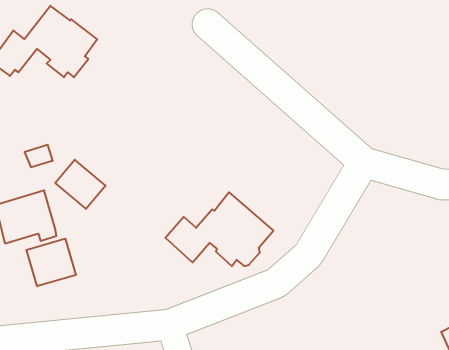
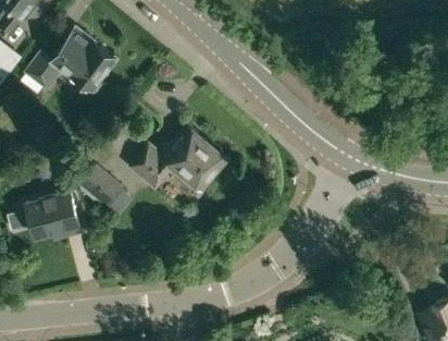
building: [165,192,273,266] -> [133,126,228,192]
building: [26,239,76,286] -> none

